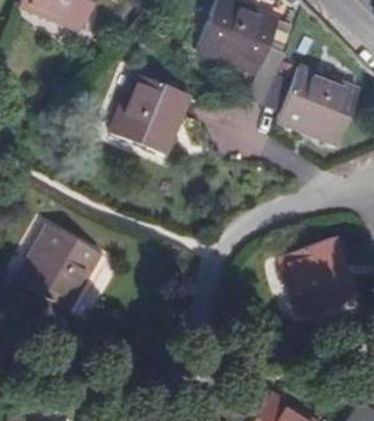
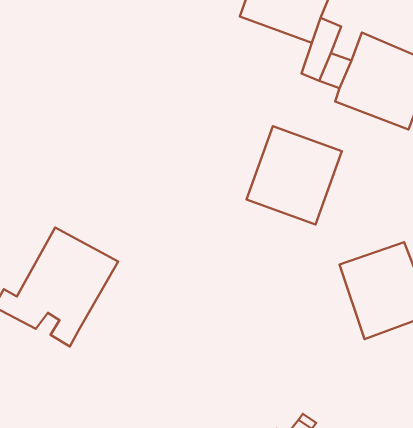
building: [109,73,188,154] -> [246,126,342,224]

